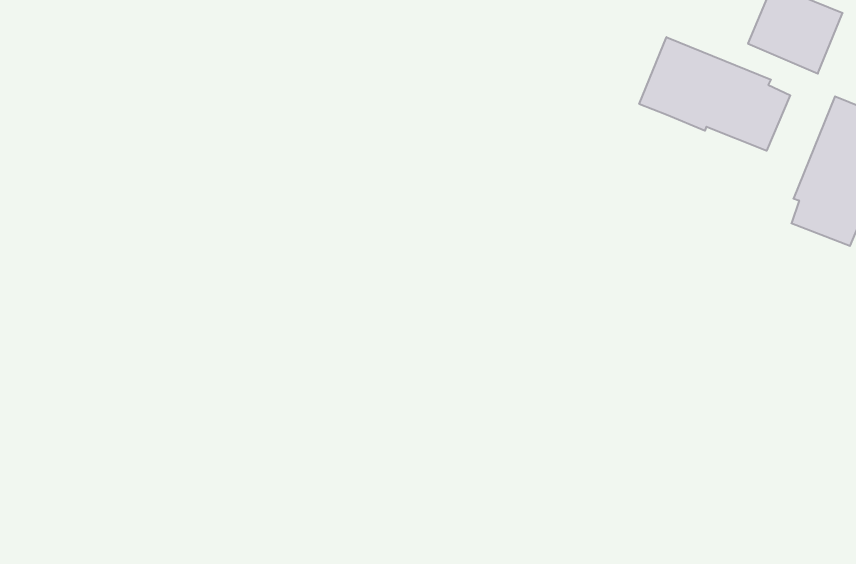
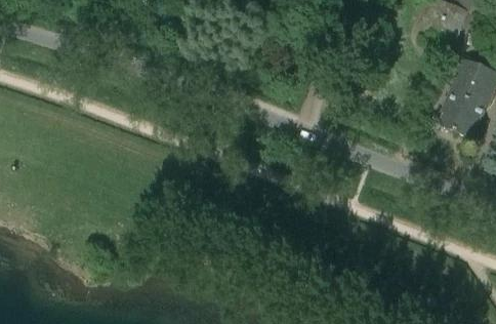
building: [639,37,790,151] -> none

